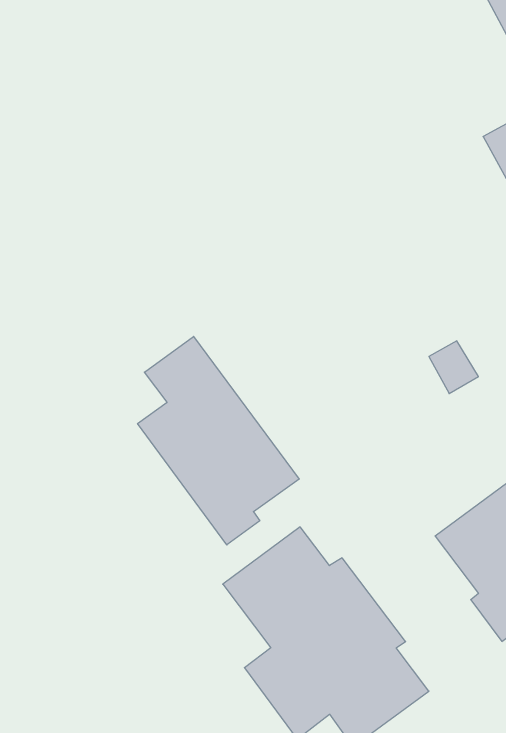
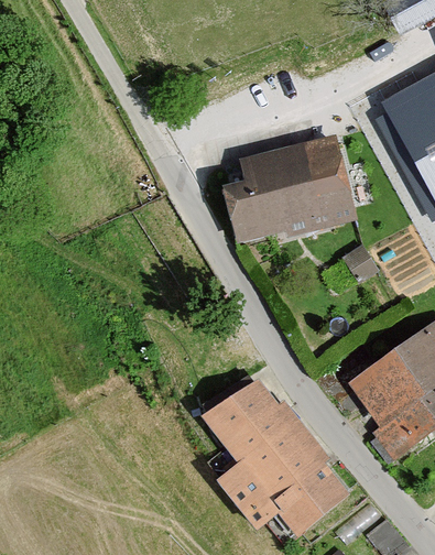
building: none -> [226,133,359,240]
building: [138,336,299,545] -> none

